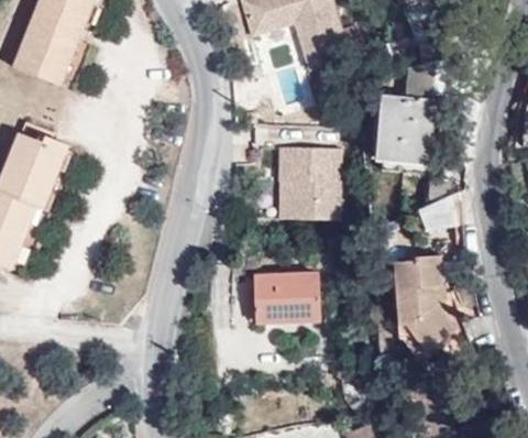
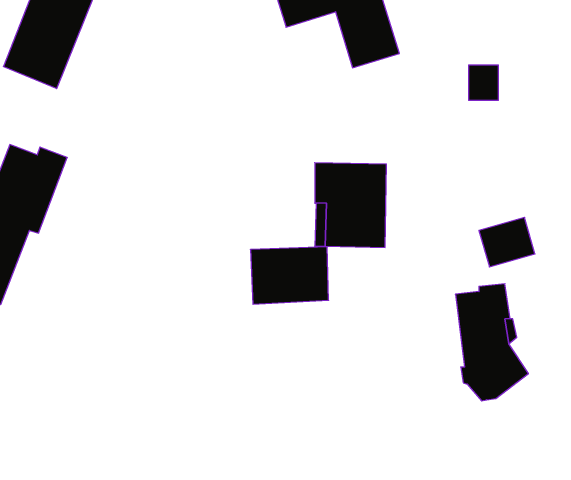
building: [380,96,429,169] -> none
building: [252,272,318,320] -> [250,247,329,304]

